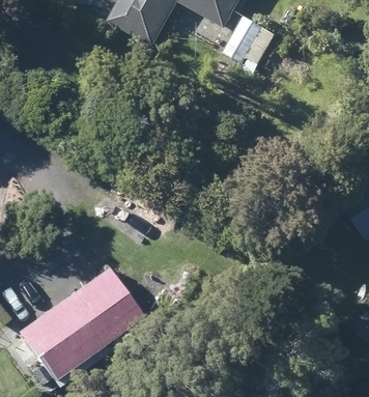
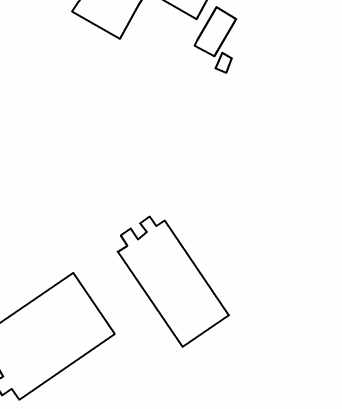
building: none -> [118,217,229,347]

